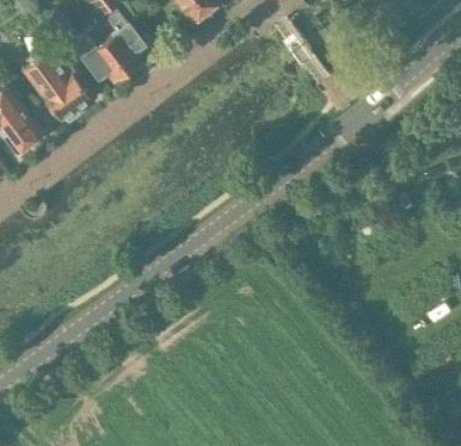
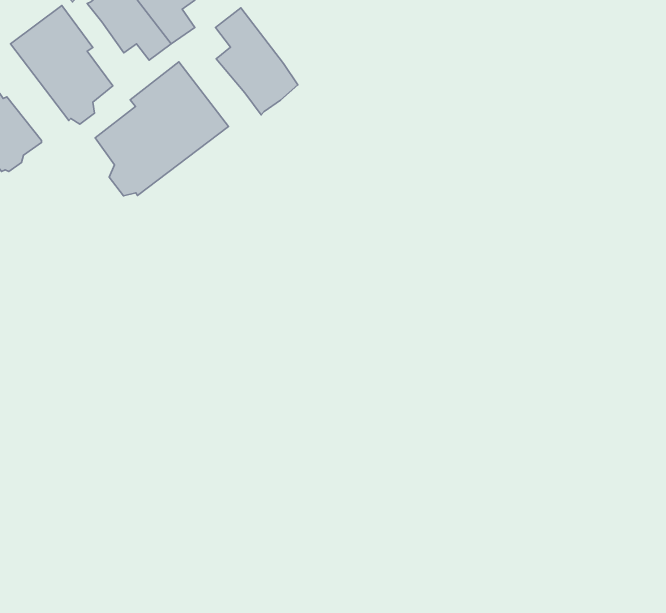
building: none -> [216,8,298,115]
building: none -> [95,62,229,196]

